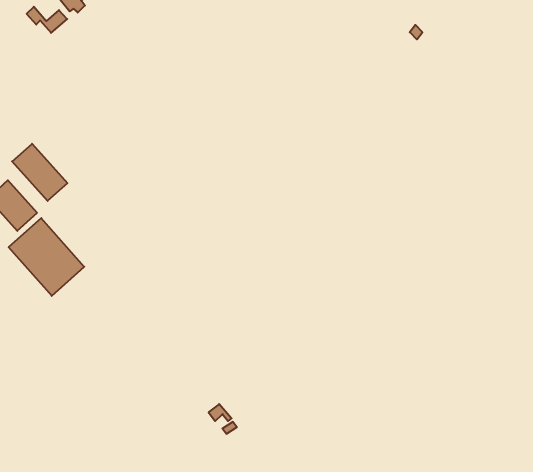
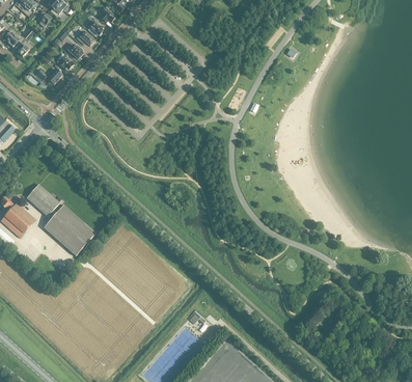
building: [12,144,67,201] -> none

